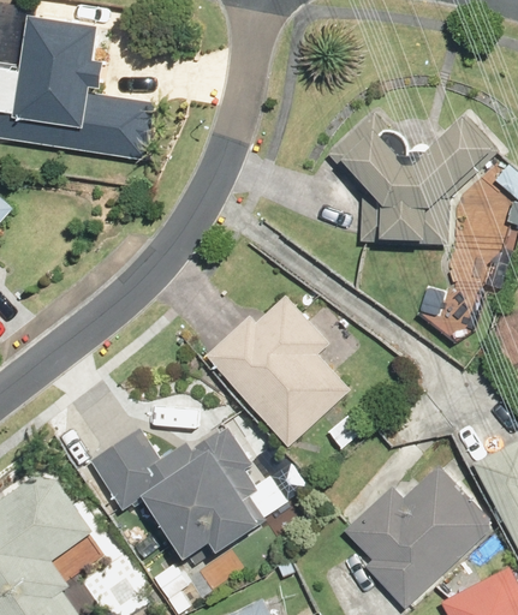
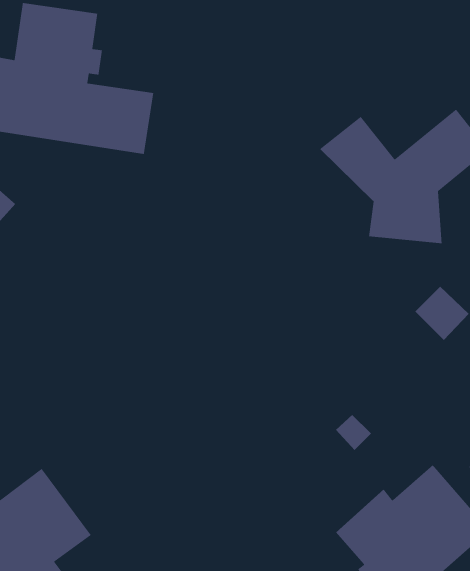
building: [210,299,353,448] -> none
building: [94,428,303,561] -> none

